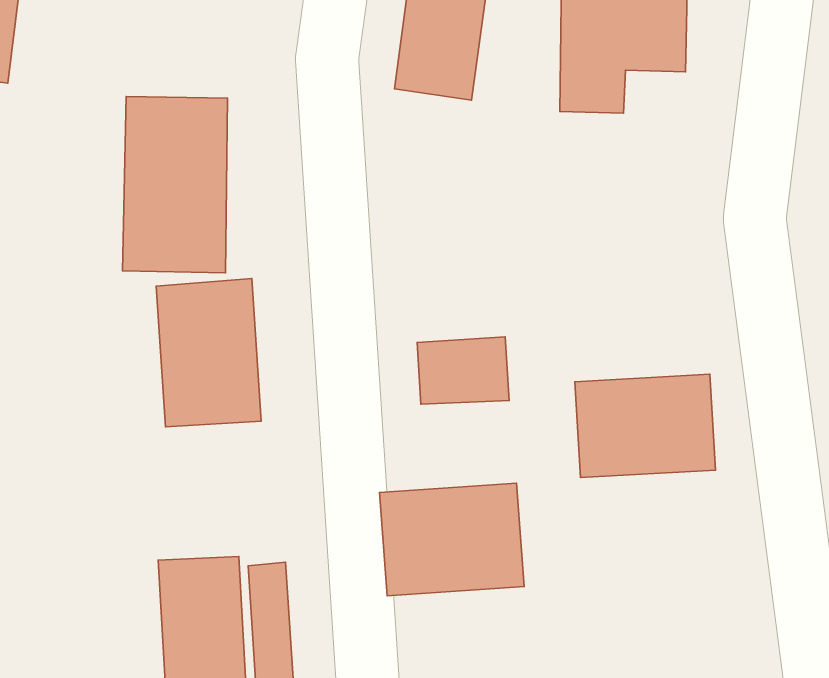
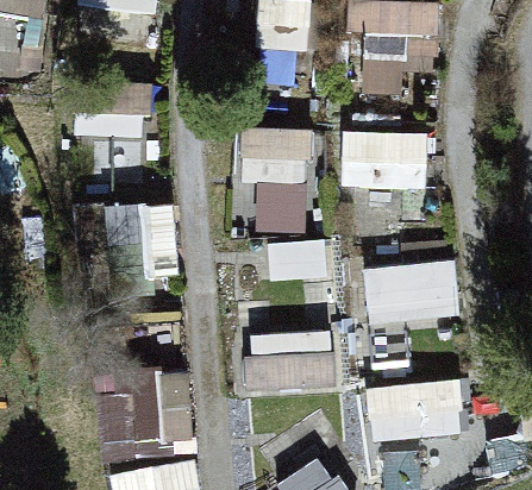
building: none -> [245,121,312,233]
building: none -> [339,121,427,189]
building: none -> [367,375,467,440]

